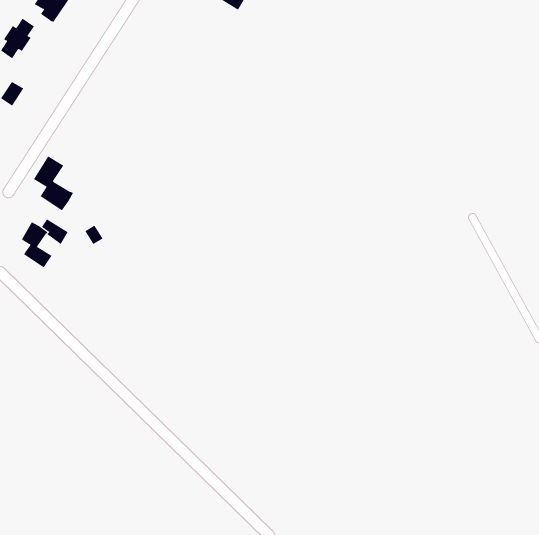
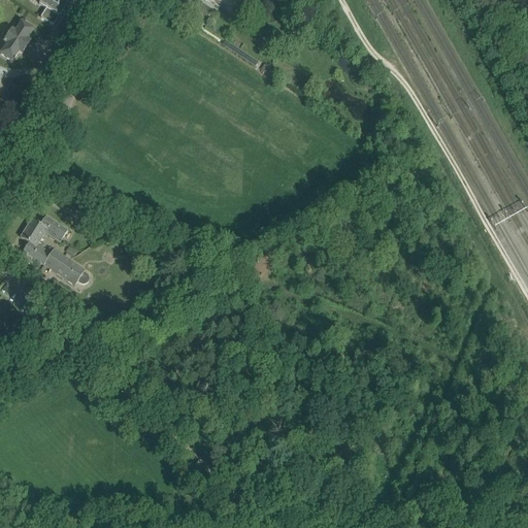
building: [33,156,74,211] -> none
building: none -> [43,246,85,283]

